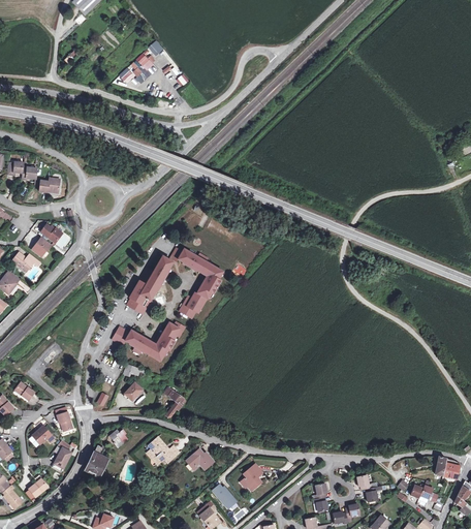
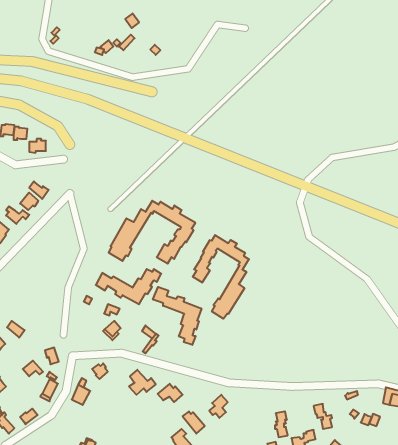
building: none -> [193,235,249,319]
building: none -> [153,287,201,345]

